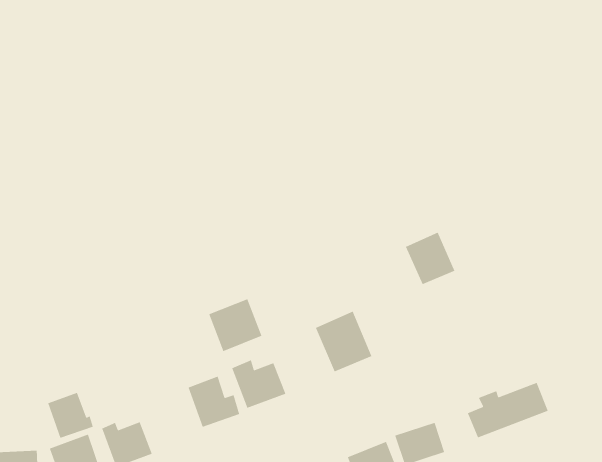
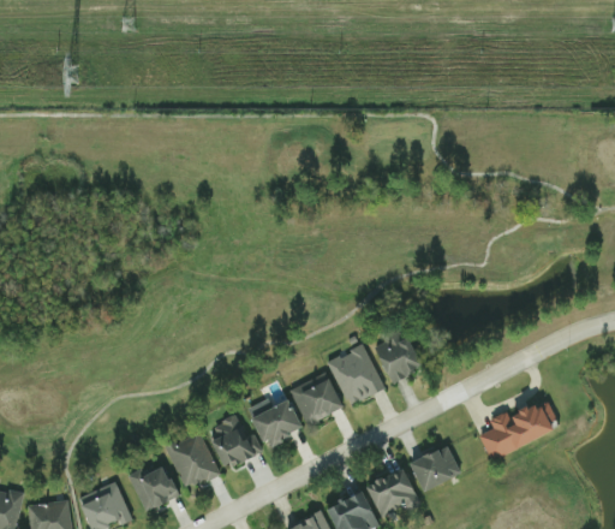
building: [405,231,455,285] -> [374,329,424,382]
building: [208,298,263,352] -> [289,372,344,426]
building: none -> [166,432,219,489]
building: [47,392,94,439] -> none

